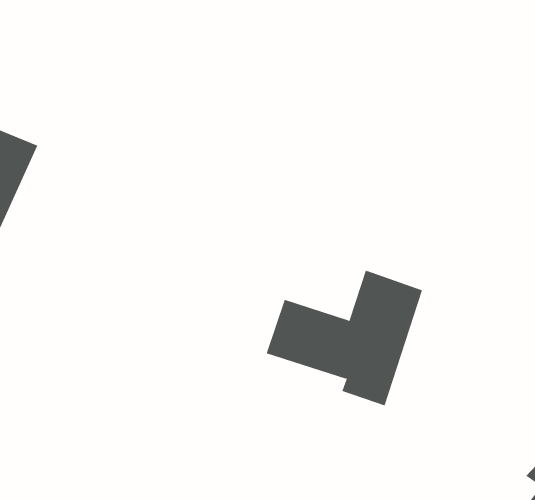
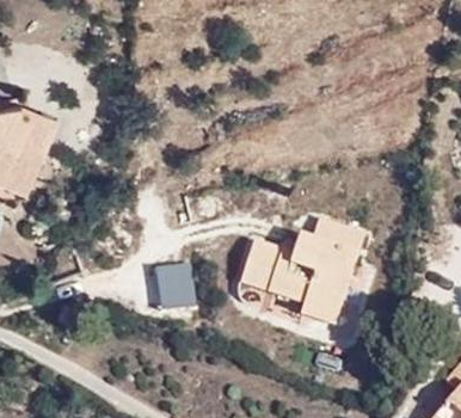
building: none -> [154,259,196,308]

